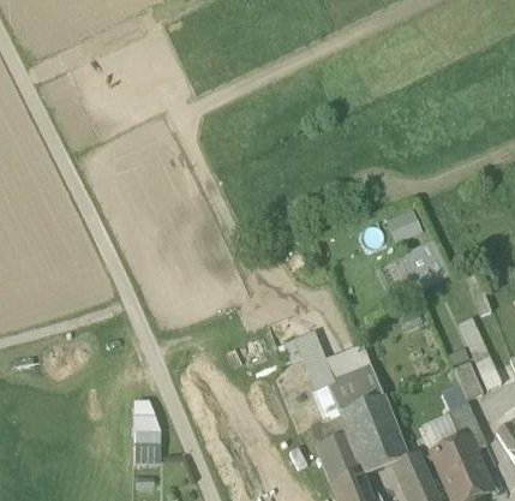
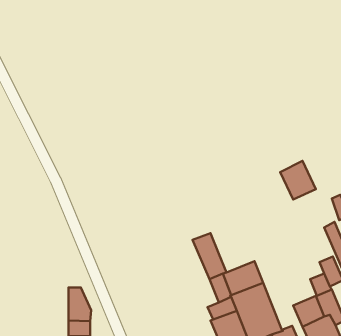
building: [387,208,423,241] -> none
building: [325,345,371,383] -> none

